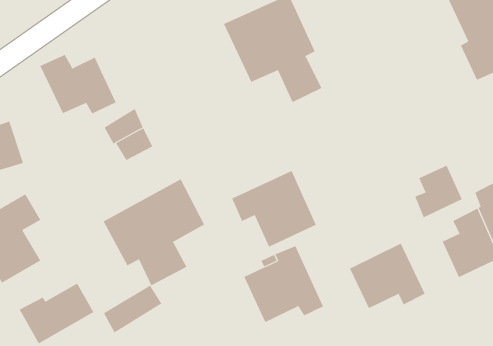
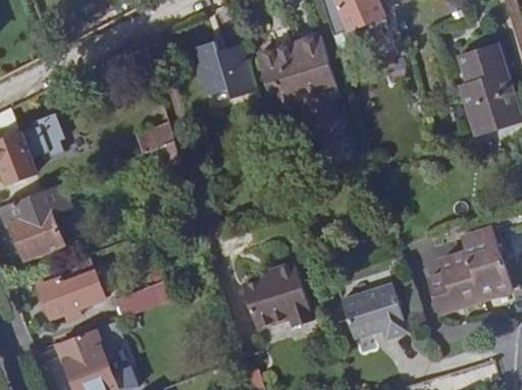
building: [40,54,116,114] -> [189,37,253,94]
building: [415,165,462,218] -> none
building: [232,170,317,247] -> none
building: [103,178,205,286] -> none

